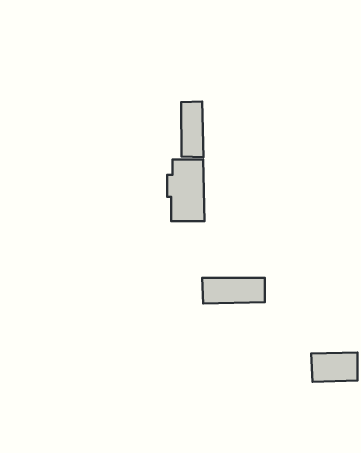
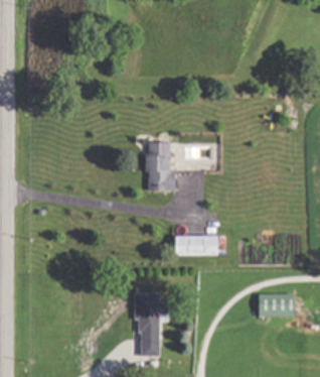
building: [181,102,203,157] -> none
building: none -> [135,294,160,356]

